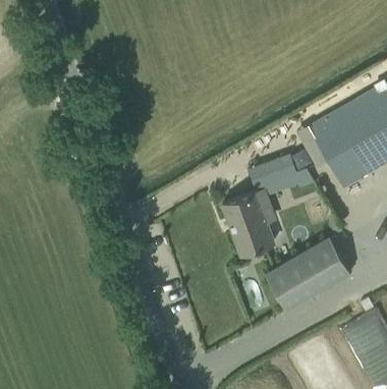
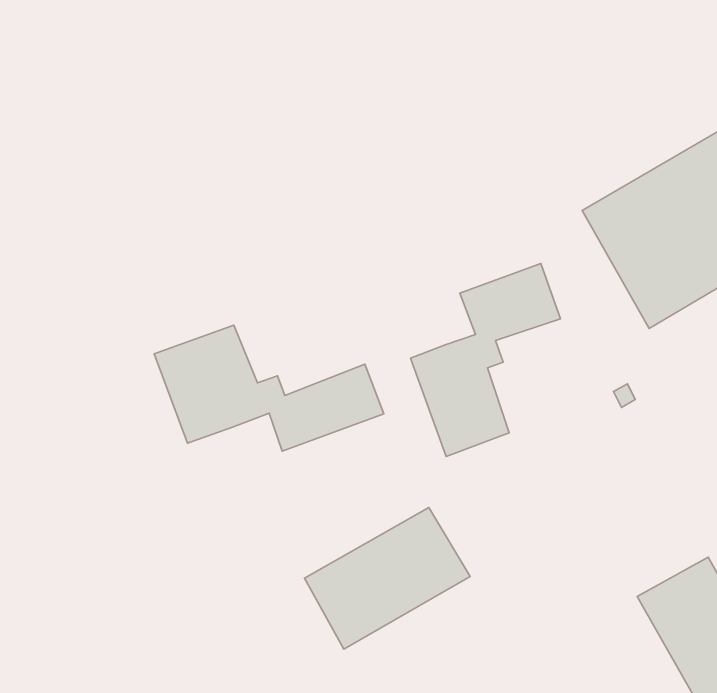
building: none -> [154,325,384,451]
building: [264,236,349,310] -> [305,507,470,649]

